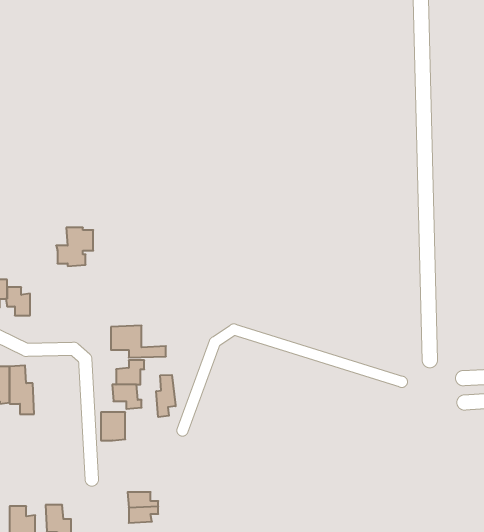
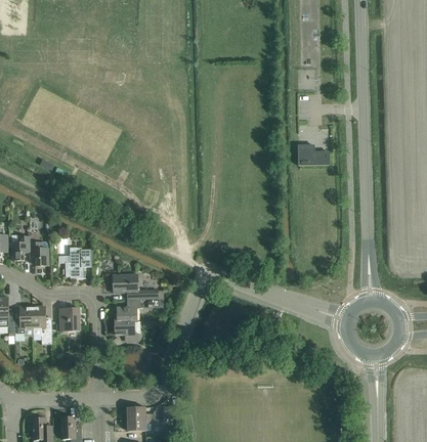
building: none -> [297,144,329,165]
building: [56,228,93,266] -> [61,248,91,278]
building: [156,375,176,417] -> none
building: [101,412,125,440] -> [59,308,79,330]

